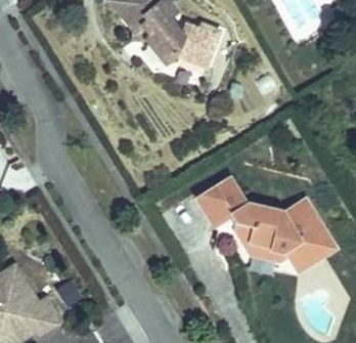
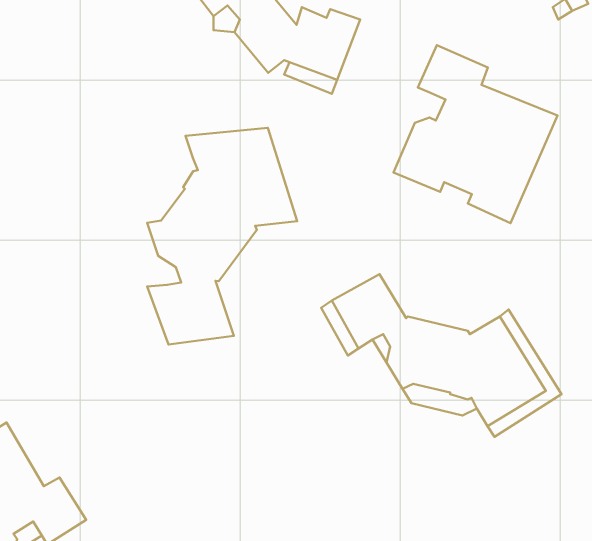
building: none -> [393,45,558,223]
building: none -> [147,128,297,345]

